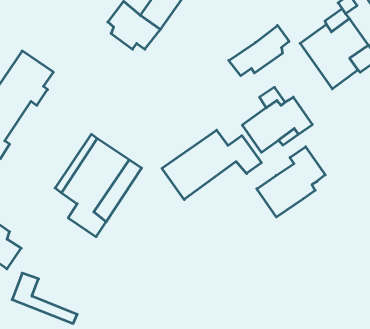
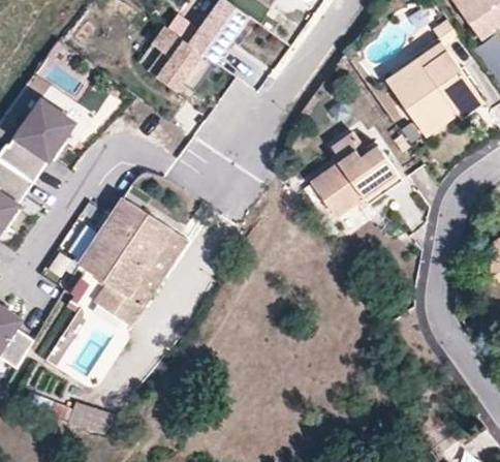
building: [229,25,289,76] -> none
building: [162,130,261,200] -> none
building: [257,147,325,217] -> none

